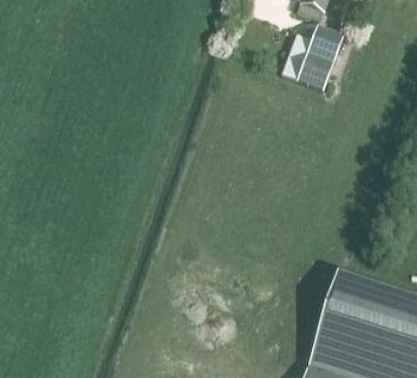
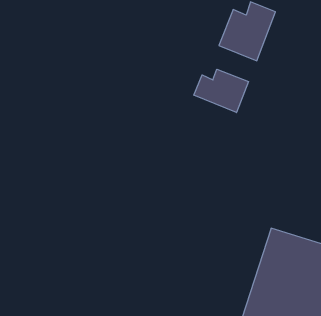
building: none -> [194,69,248,113]

